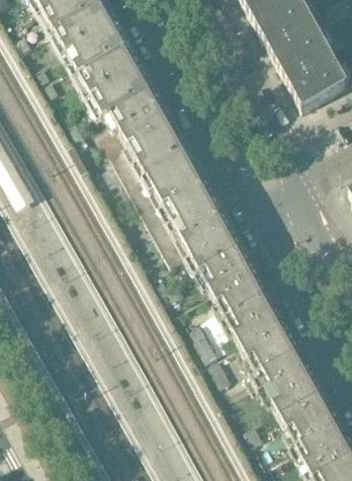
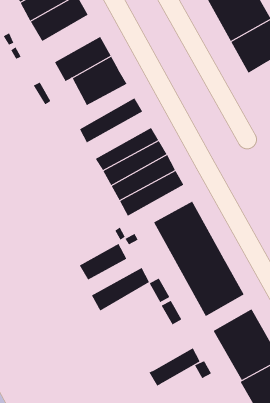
building: [81,49,145,100] -> none
building: [112,124,182,173] -> none
building: [129,154,200,206] -> none
building: [192,234,245,275] -> [79,243,127,281]
building: none -> [91,267,150,311]
building: [253,353,310,396] -> [149,348,201,387]

